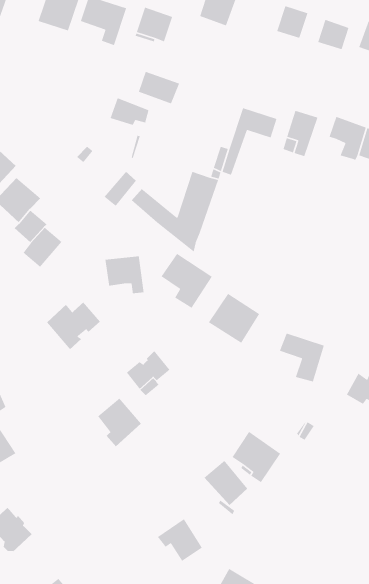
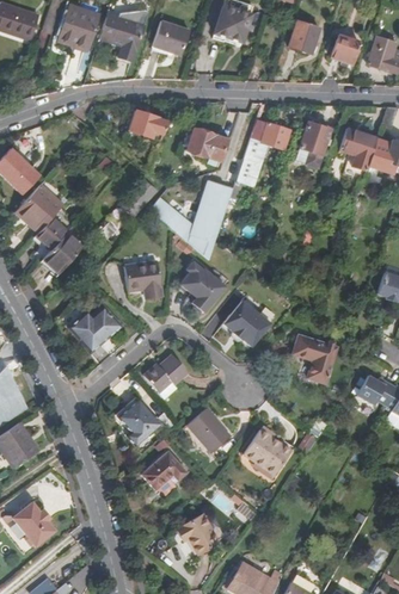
building: [138,71,180,104] -> [185,129,226,161]
building: none -> [142,452,188,491]
building: [204,460,248,506] -> [186,408,229,452]

